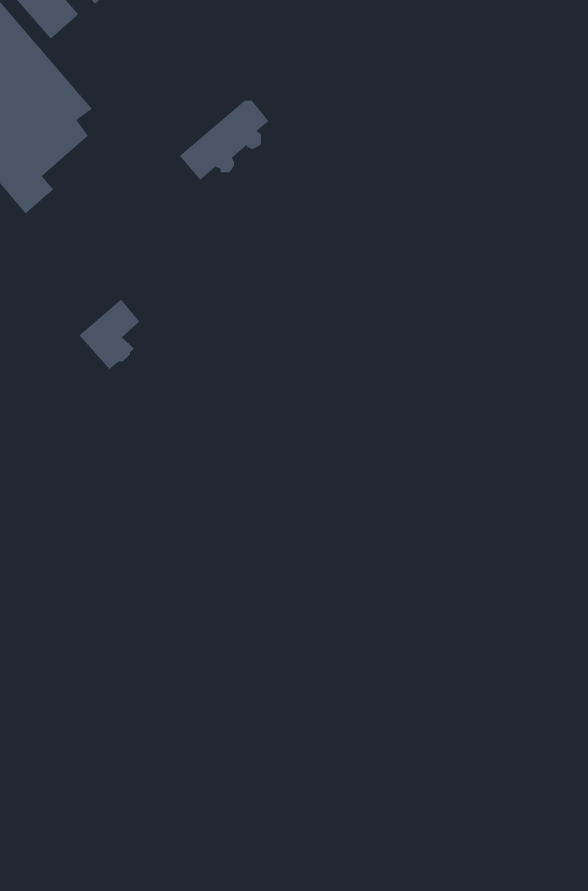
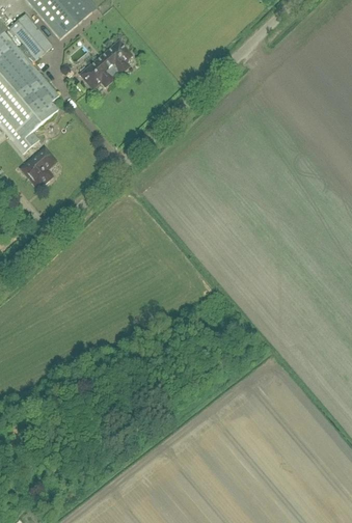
building: [179,100,270,181] -> [82,43,131,86]
building: [79,299,140,370] -> [23,147,56,186]

